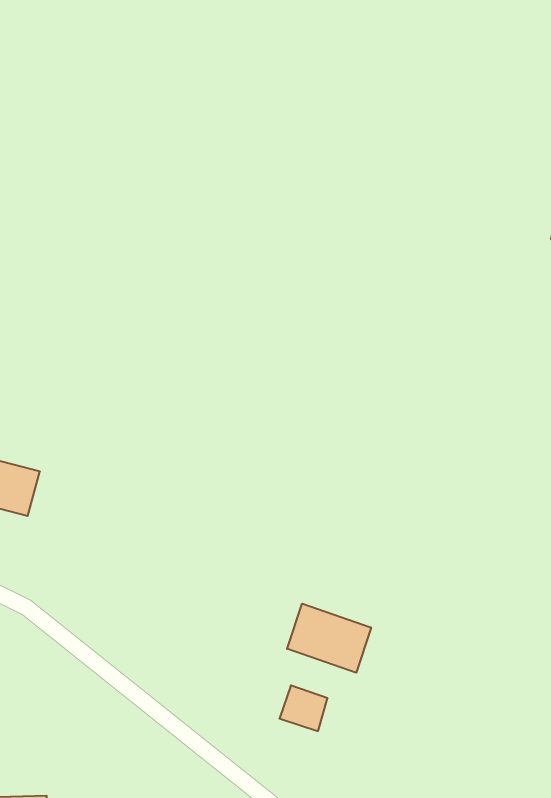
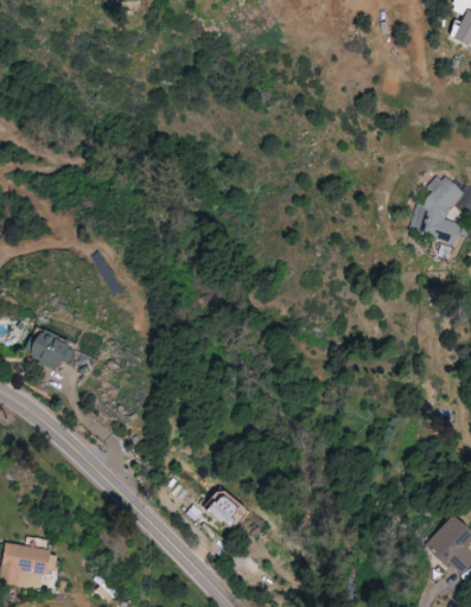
building: [287,604,371,673] -> none

